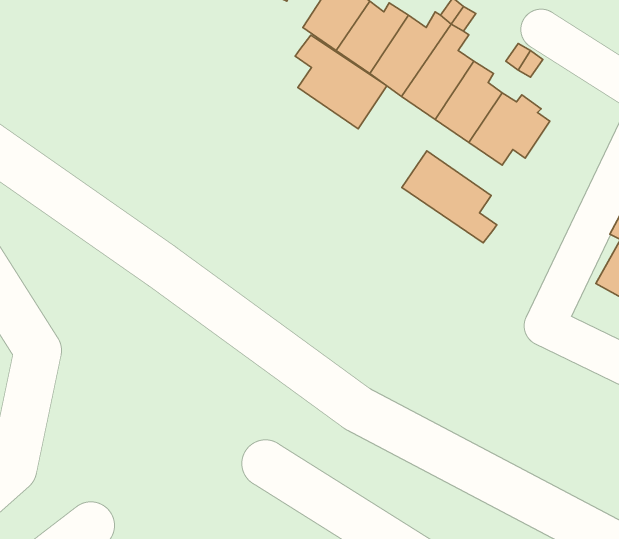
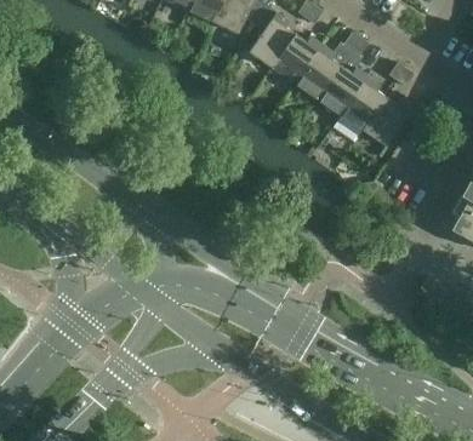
building: [295,35,387,129] -> none
building: [402,151,497,243] -> none

